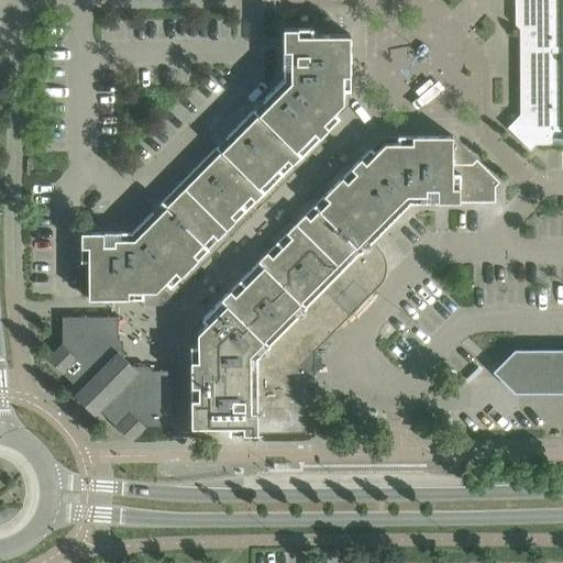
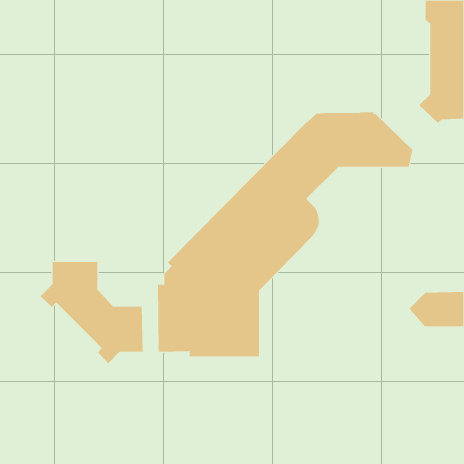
building: [81,27,351,298] -> none

